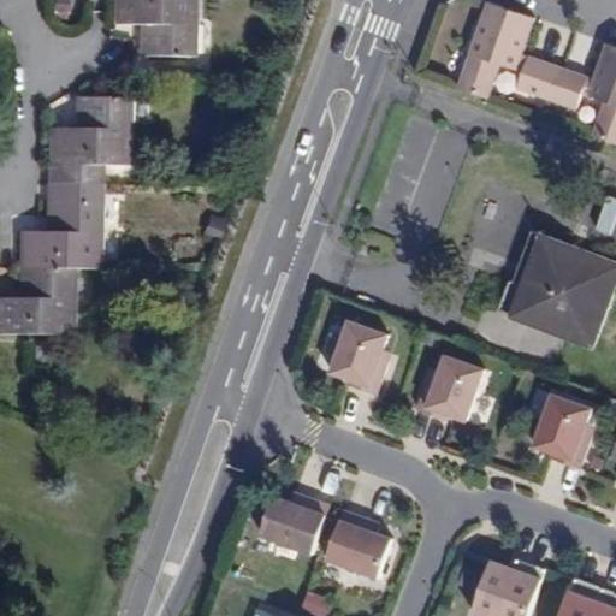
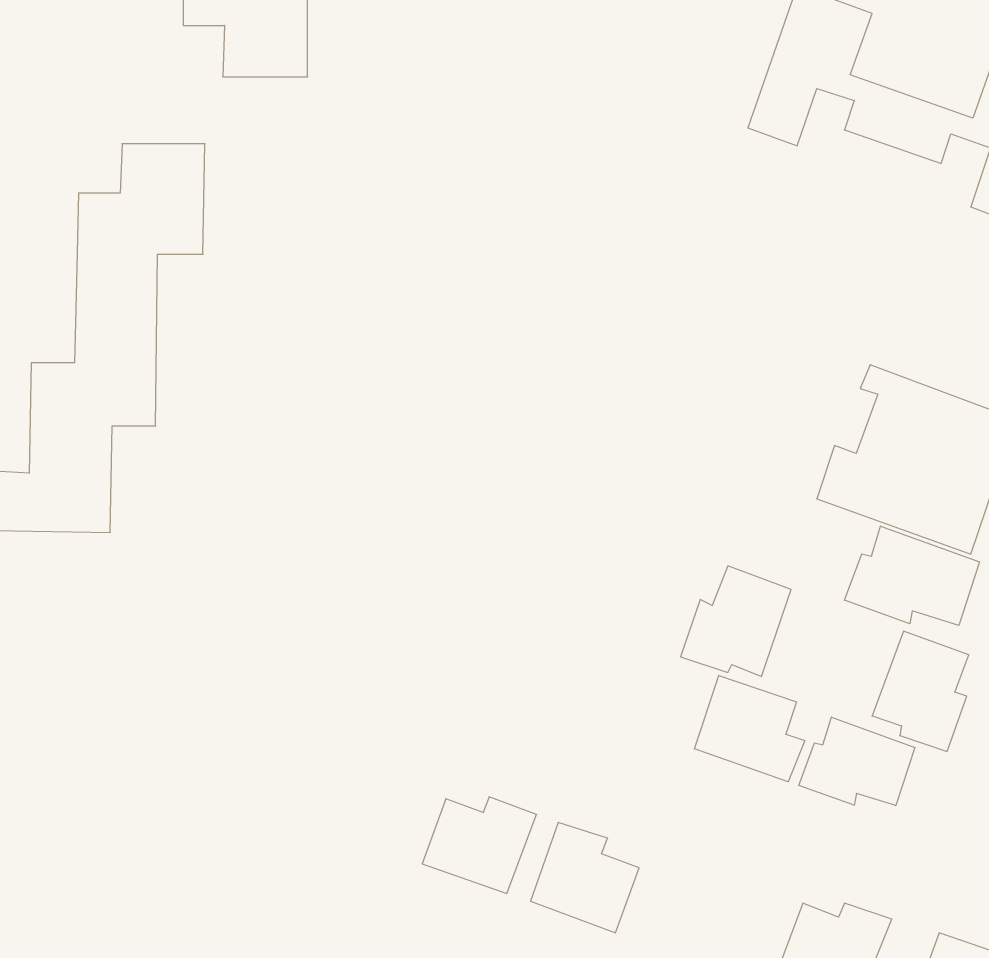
building: [330,320,387,393] -> none
building: none -> [844,526,979,625]
building: none -> [695,675,805,782]
building: none -> [799,717,915,806]

